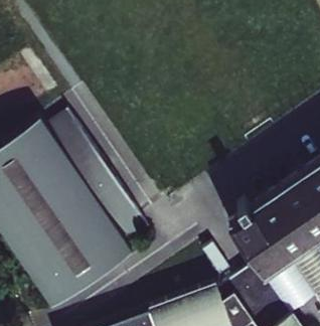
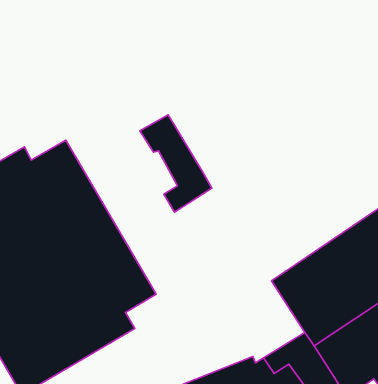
building: none -> [140,115,212,212]

